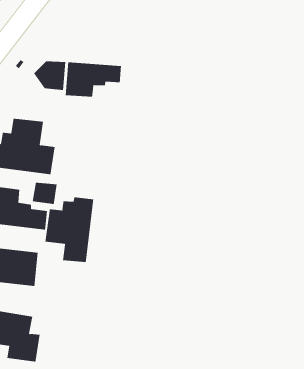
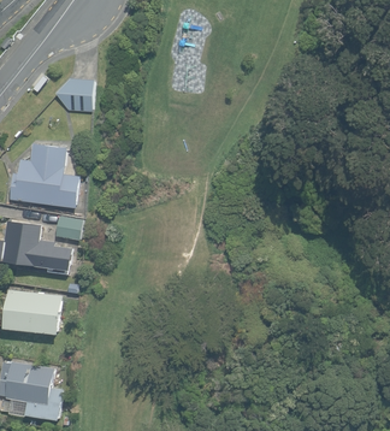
building: [65,62,122,97] -> none
building: [45,197,94,263] -> none

